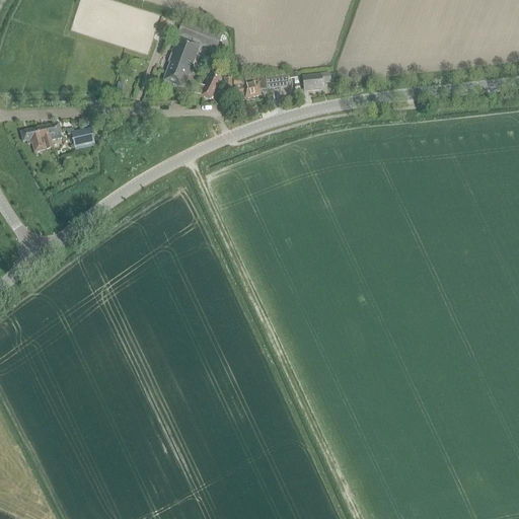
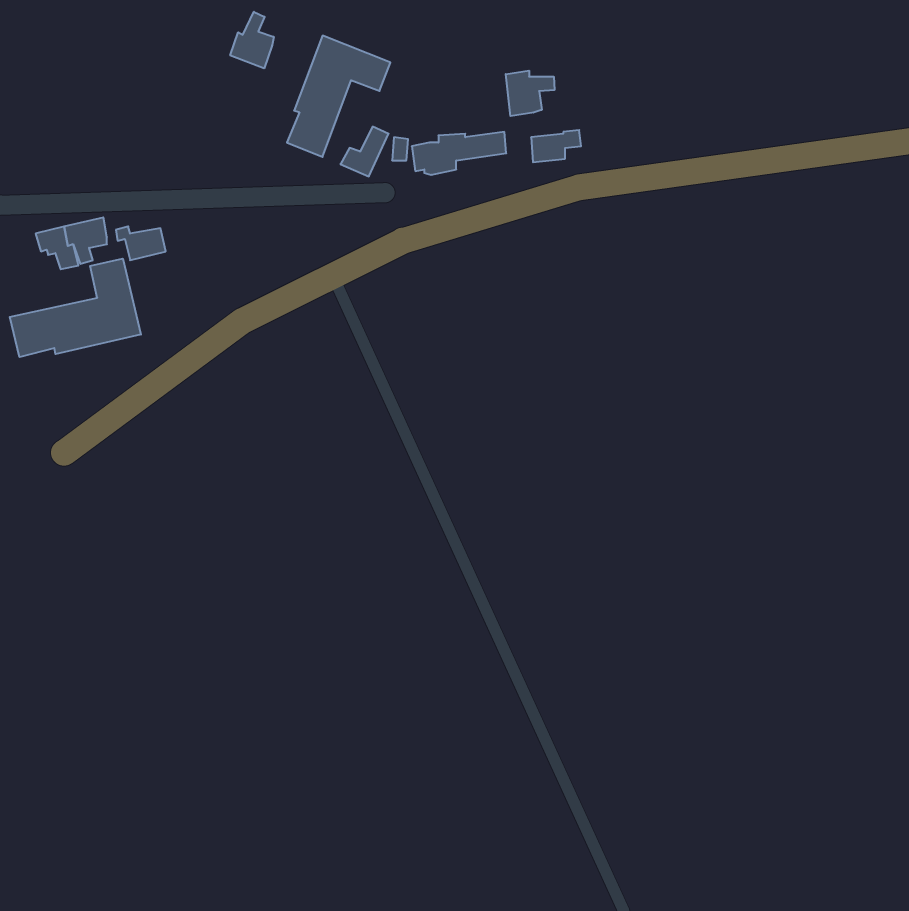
building: none -> [230,12,274,68]
building: none -> [506,71,554,116]
building: none -> [10,259,141,357]

